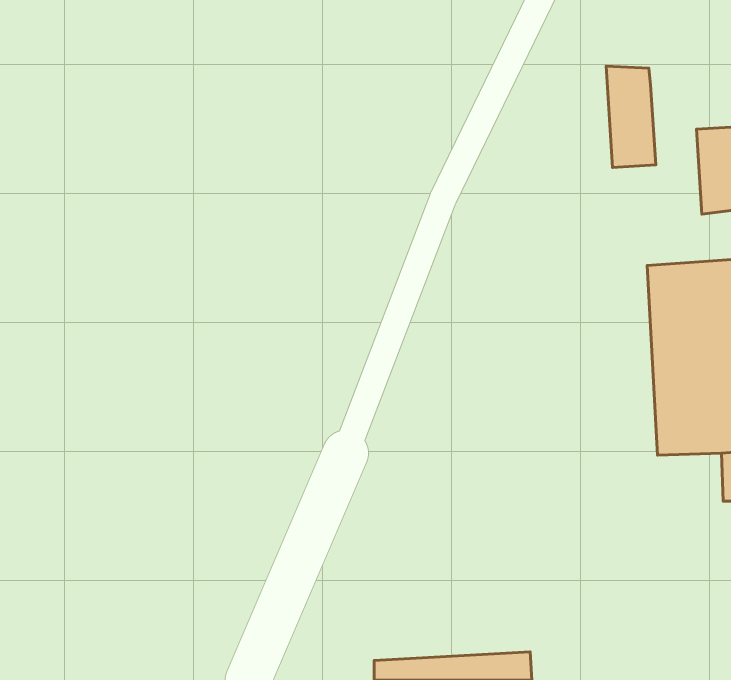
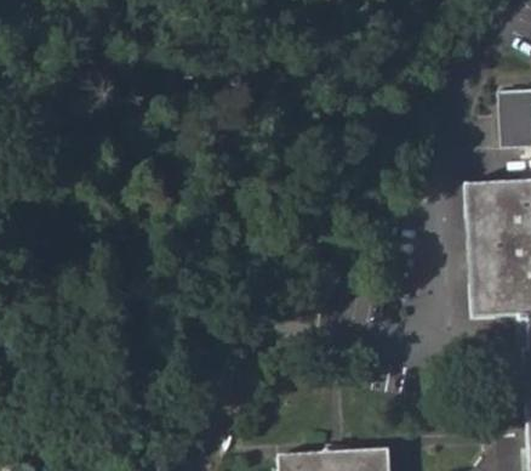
building: [606,66,656,168] -> none

